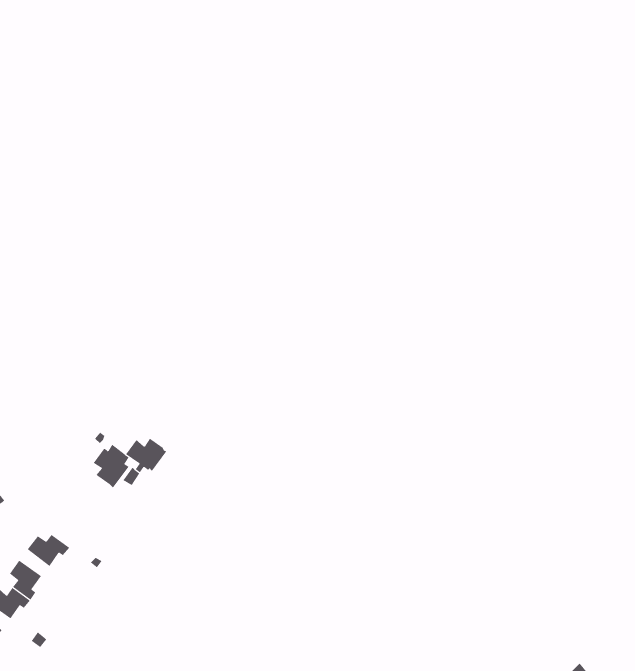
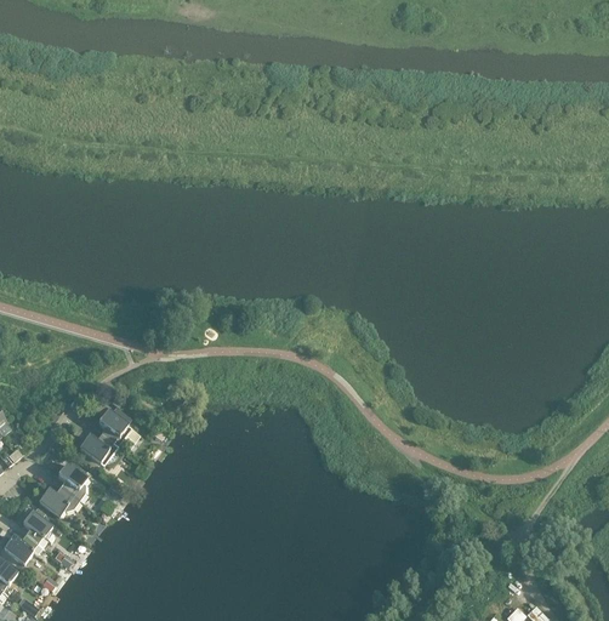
building: [125,438,167,473] -> [78,433,115,465]
building: none -> [57,461,87,498]

